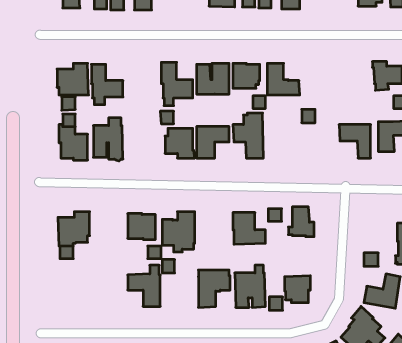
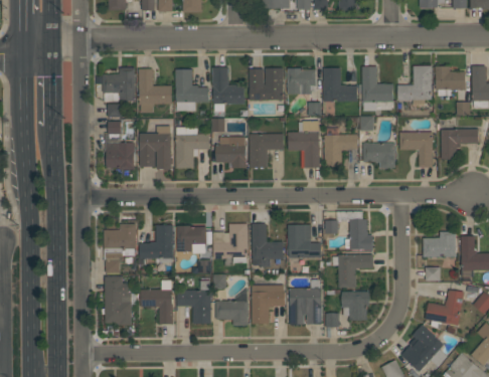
building: none -> [361,65,392,111]
building: none -> [396,65,431,101]
building: none -> [175,68,208,111]
building: none -> [175,126,209,168]
building: none -> [324,128,357,166]
building: none -> [362,142,394,168]
building: none -> [251,223,283,266]
building: none -> [138,224,173,264]
building: none -> [423,231,455,256]
building: none -> [332,253,372,288]
building: none -> [105,275,131,325]
building: none -> [140,279,172,323]
building: none -> [215,288,248,325]

